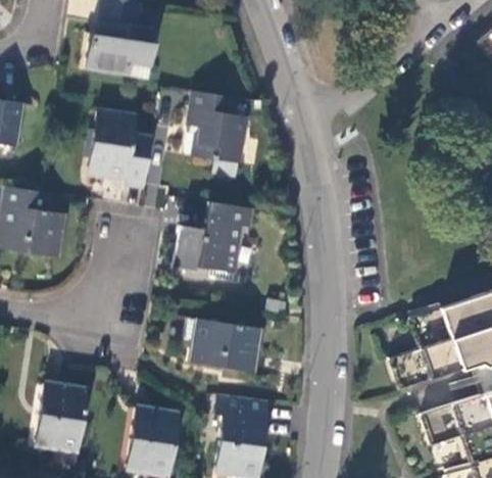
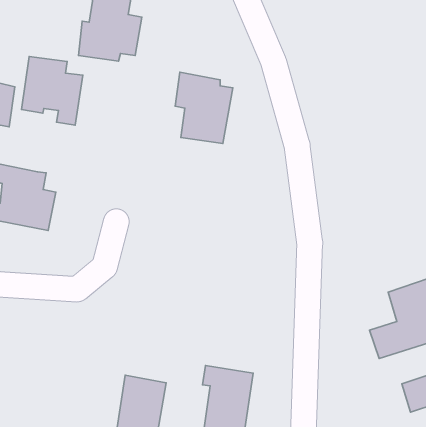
building: [89,115,153,187] -> [21,57,83,125]
building: [178,201,255,273] -> none
building: [194,324,259,374] -> none
building: [38,381,91,444] -> none

